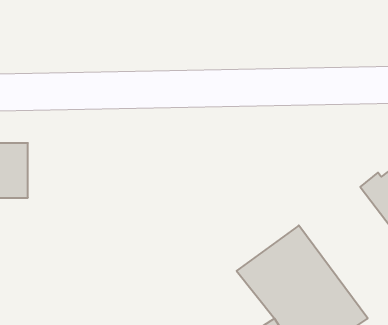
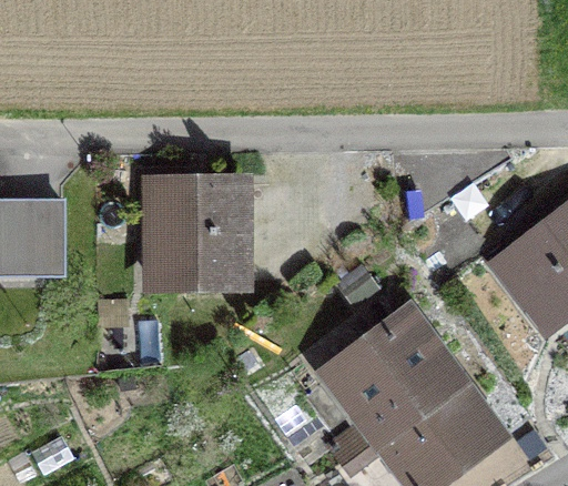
building: none -> [150,184,242,283]

